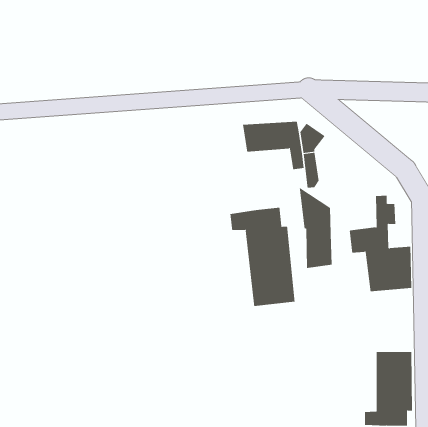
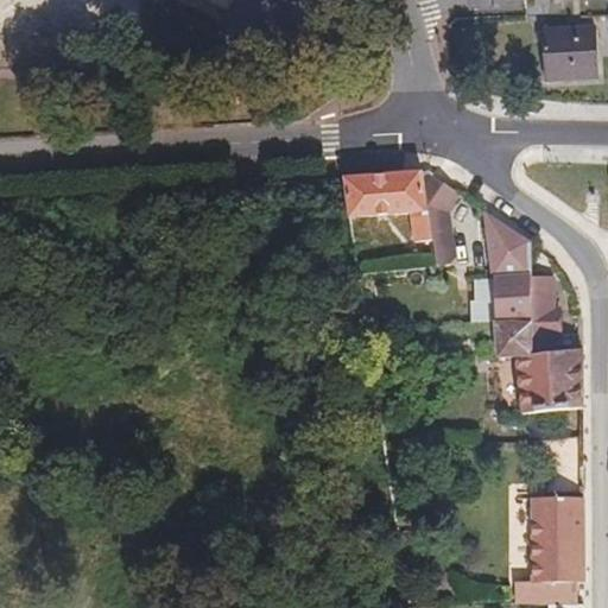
building: none -> [542,24,596,80]
building: [299,187,332,268] -> [483,210,531,325]
building: [230,207,295,307] -> none

